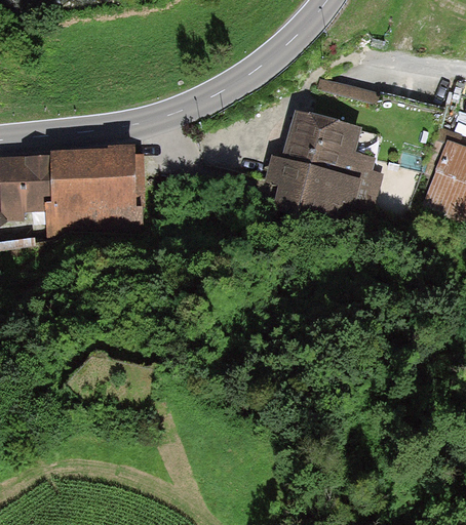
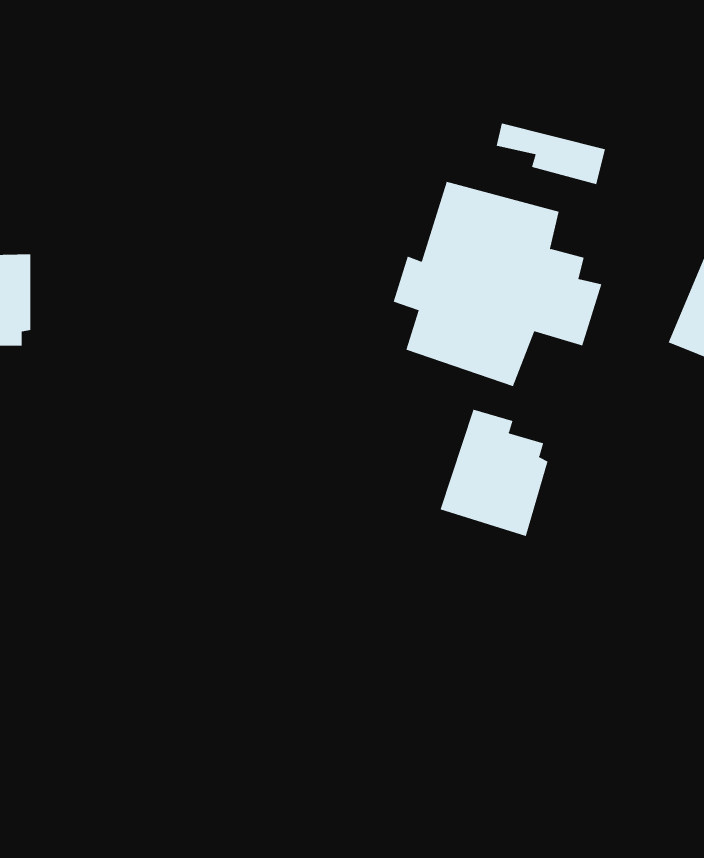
building: [48,149,146,236] -> none
building: none -> [440,409,548,537]

